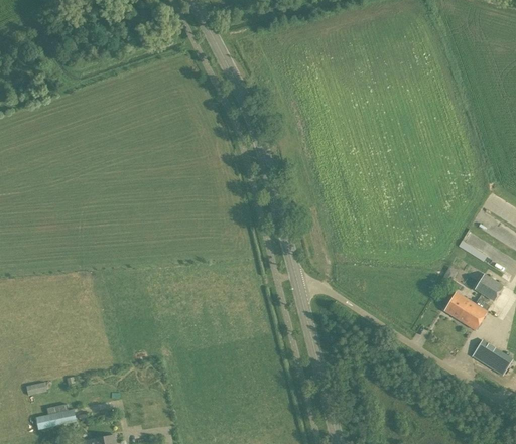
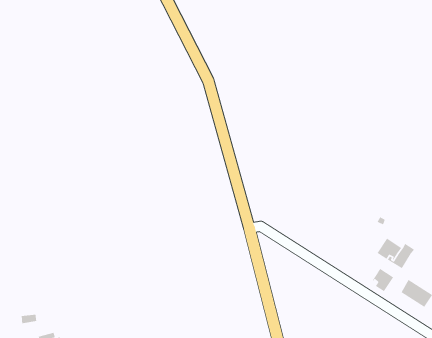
building: [474,273,503,301] -> none
building: none -> [372,268,394,292]

